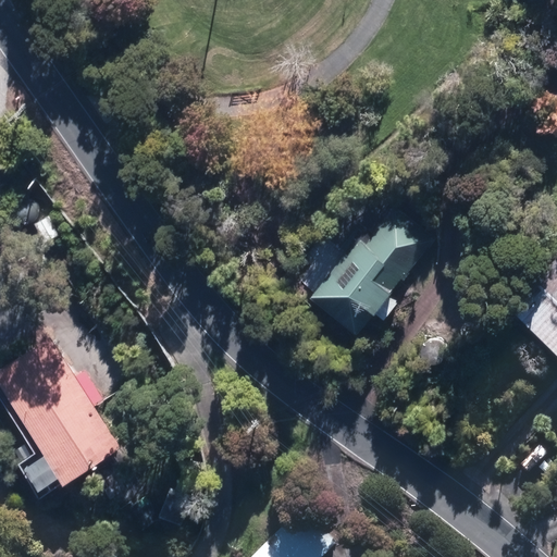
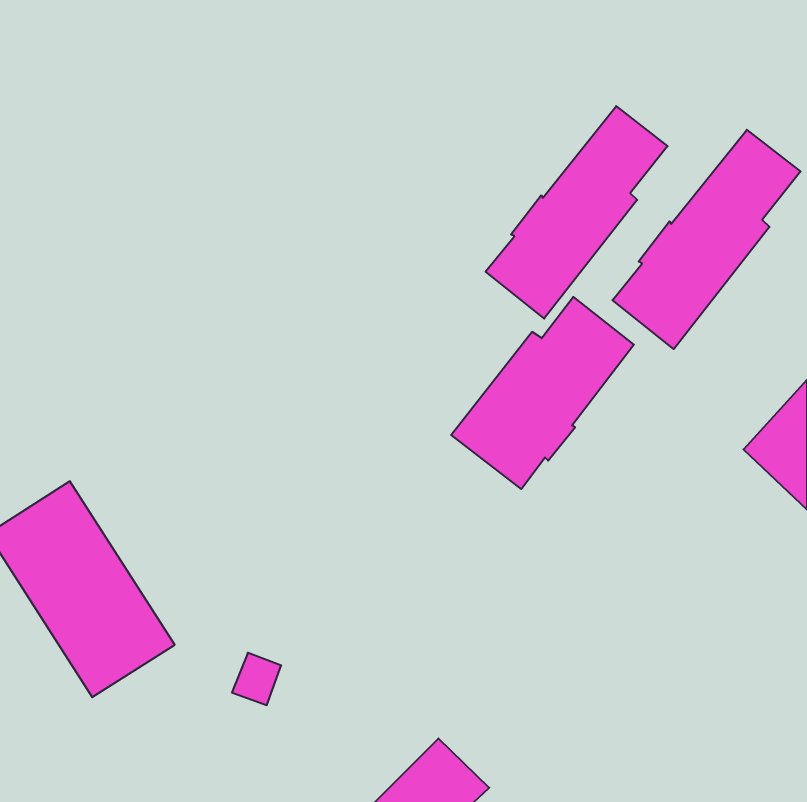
building: none -> [486,106,668,319]
building: none -> [612,130,801,349]

